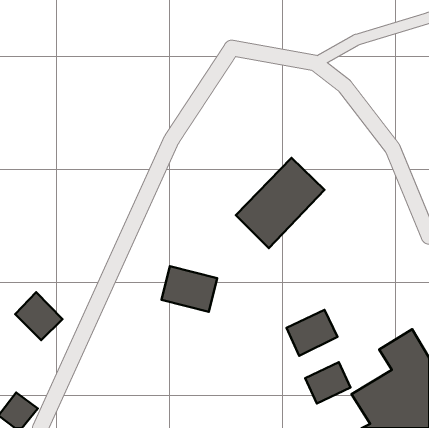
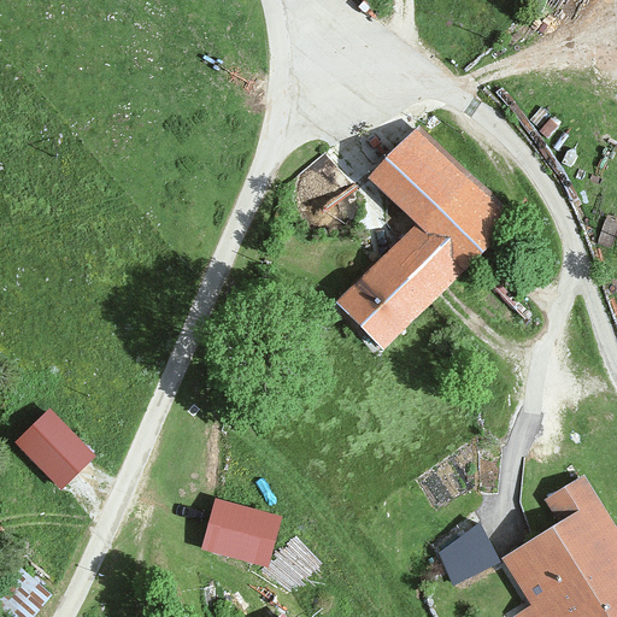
building: none -> [370,129,513,271]
building: [162,266,217,312] -> [196,496,276,562]
building: [287,310,338,356] -> none

